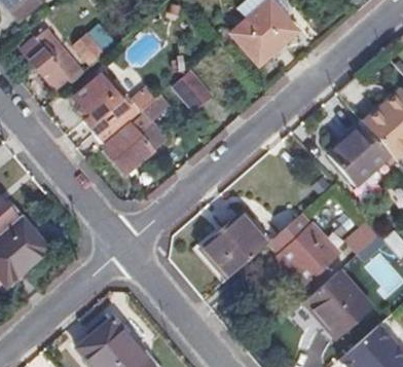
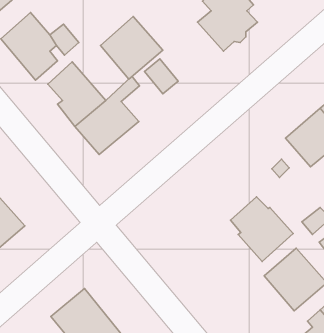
building: none -> [100,17,163,79]
building: [199,213,267,279] -> none

